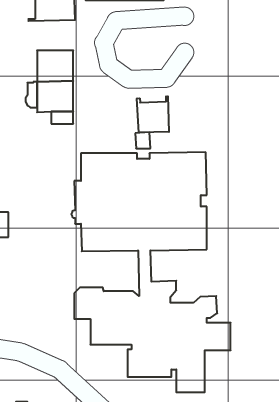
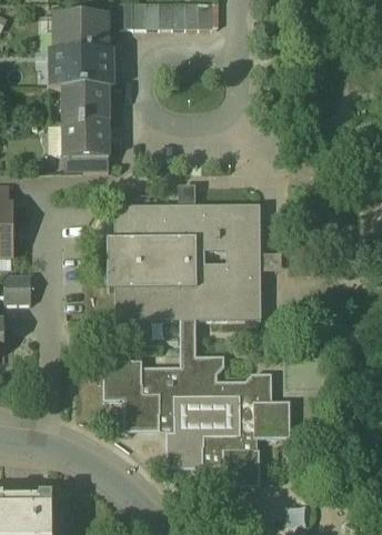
building: none -> [48,49,111,84]
building: [137,96,169,133] -> none

